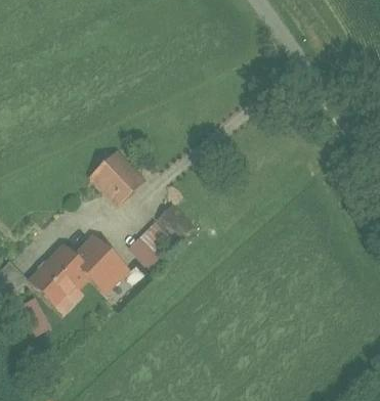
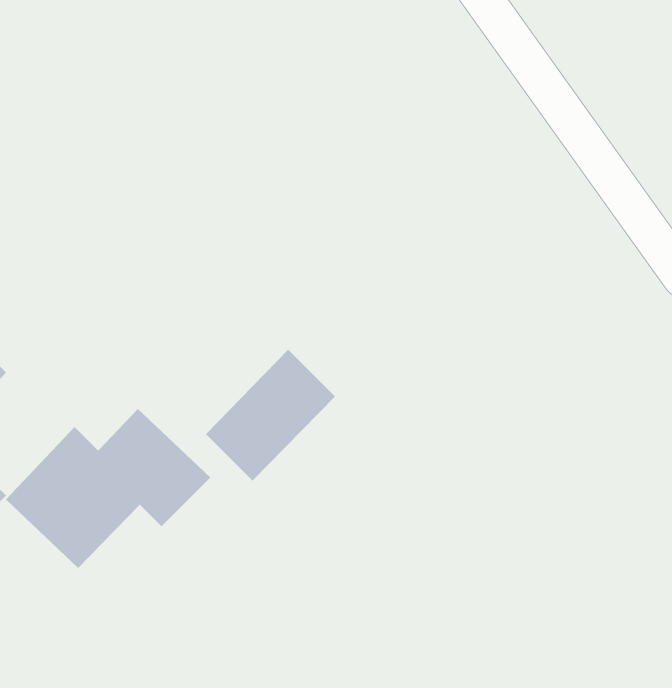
building: [87,150,144,208] -> none

